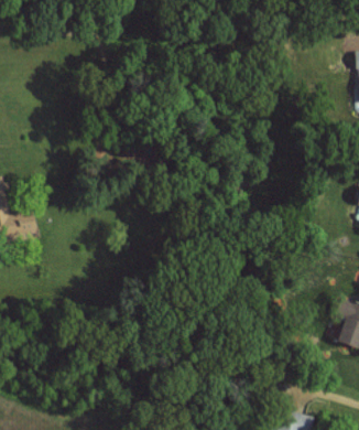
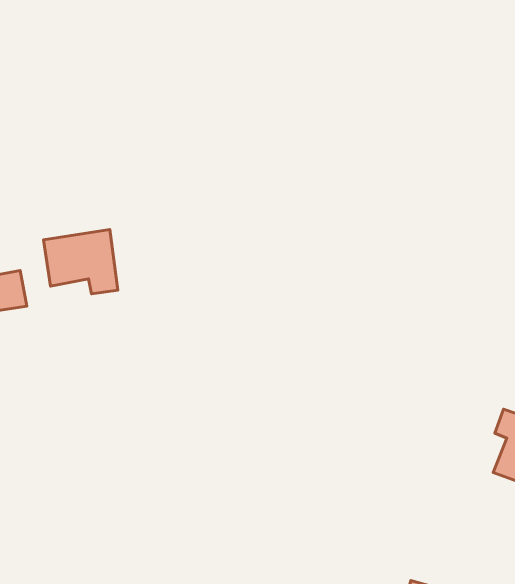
building: none -> [44,230,118,294]

